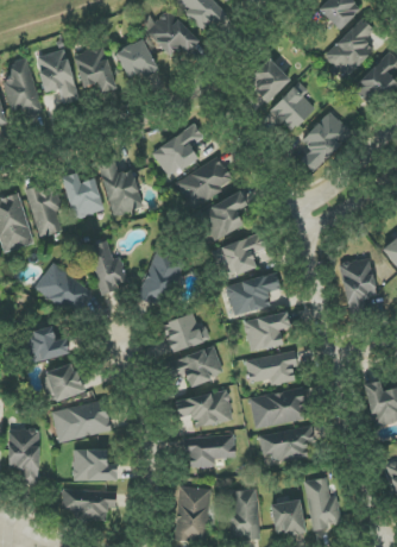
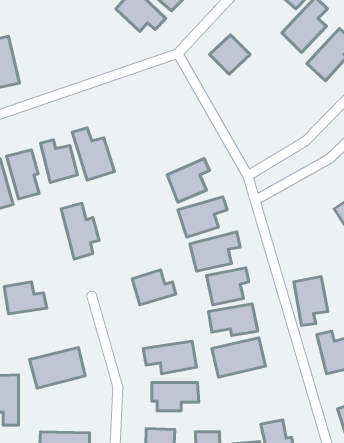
building: [116,39,157,77] -> none
building: [74,45,118,93] -> none
building: [36,49,78,105] -> none
building: [271,81,315,132] -> none
building: [301,111,352,172] -> none
building: [152,126,203,176] -> none
building: [176,157,234,208] -> none
building: [137,250,183,309] -> none
building: [340,258,377,312] -> [294,276,328,326]
building: [36,263,90,314] -> none
building: [164,346,223,385] -> none
building: [39,363,86,402] -> none
building: [259,427,315,460] -> none
building: [73,449,118,480] -> none

